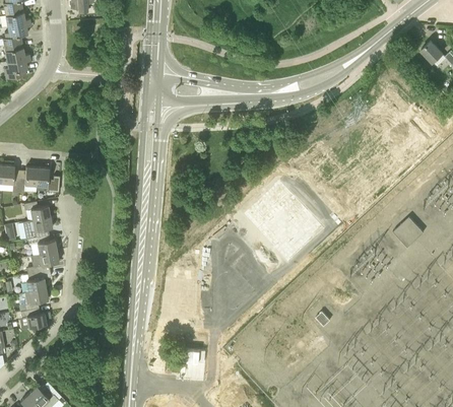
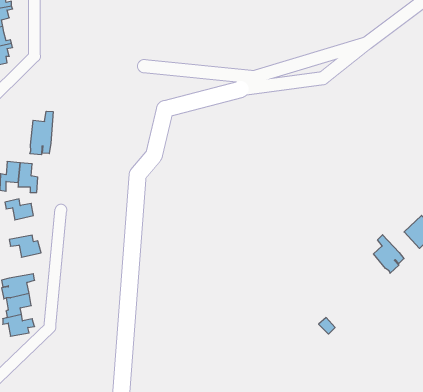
building: none -> [30,111,53,155]
building: [24,216,53,239] -> none
building: none -> [373,235,404,273]
building: [27,251,60,274] -> none

